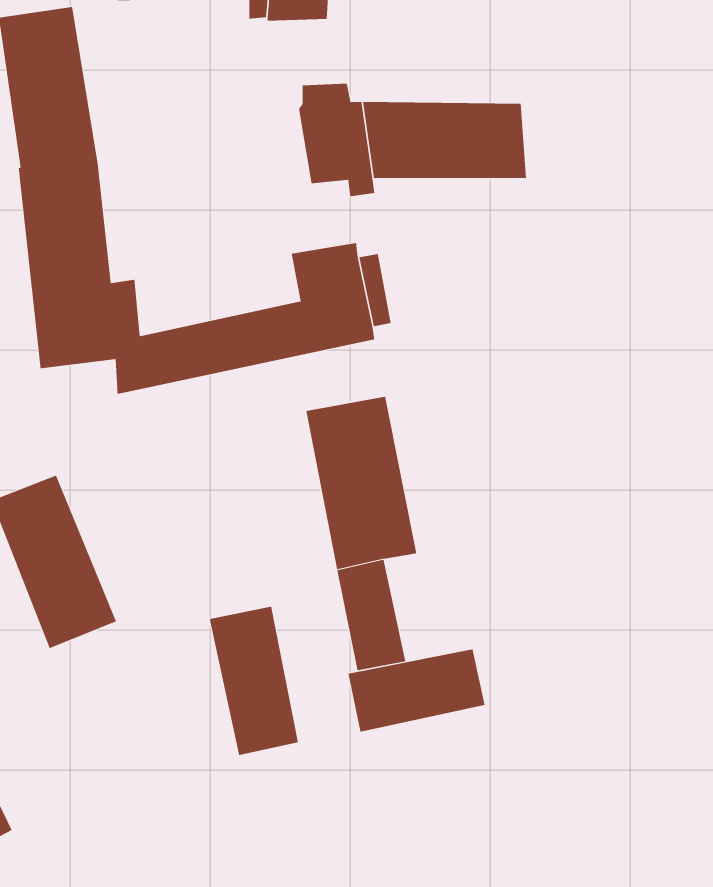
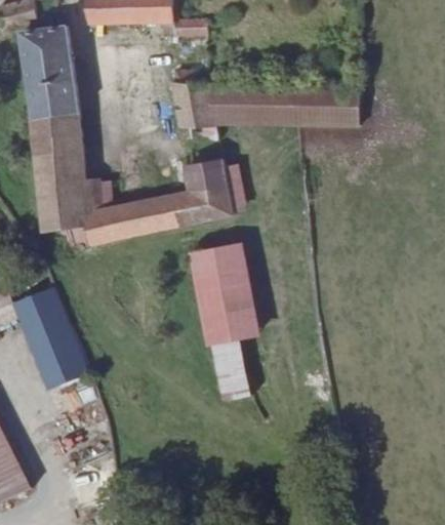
building: [209,606,299,756] -> none
building: [348,648,485,732] -> none

